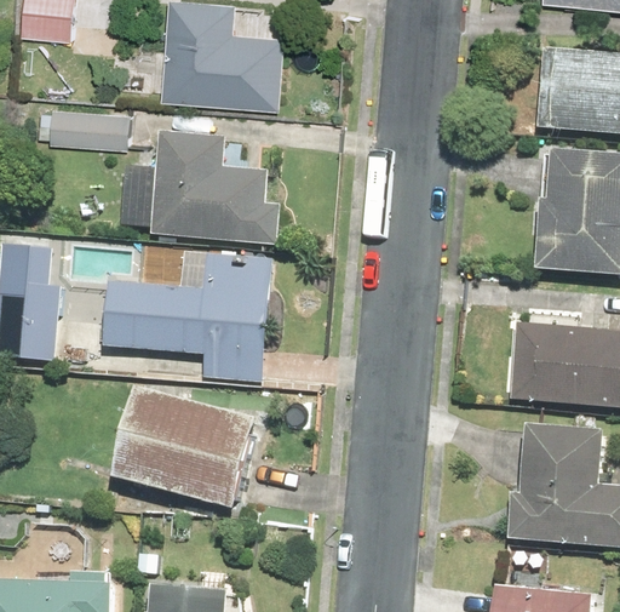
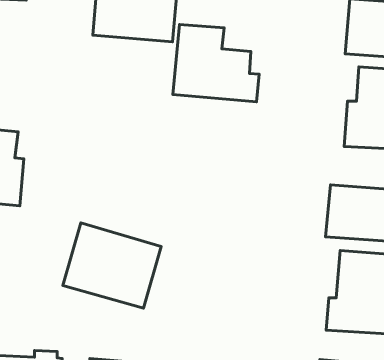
building: [41,110,122,153] -> none
building: [150,131,279,246] -> [173,25,259,102]
building: [101,254,270,382] -> none

